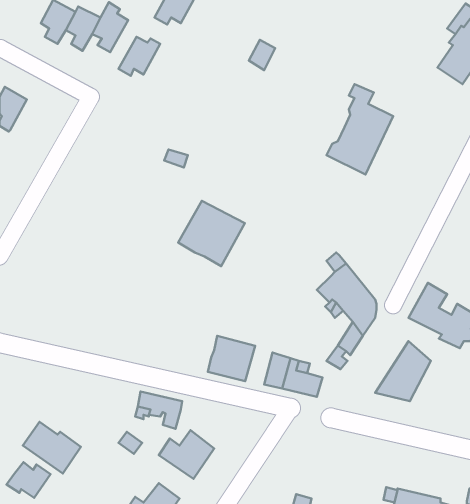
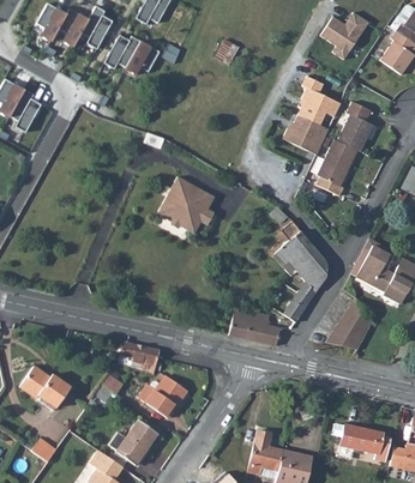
building: none -> [320,11,368,59]
building: none -> [124,41,158,74]
building: none -> [10,89,41,132]
building: none -> [317,111,374,194]
building: [208,336,255,381] -> none
building: [6,462,50,498] -> none

